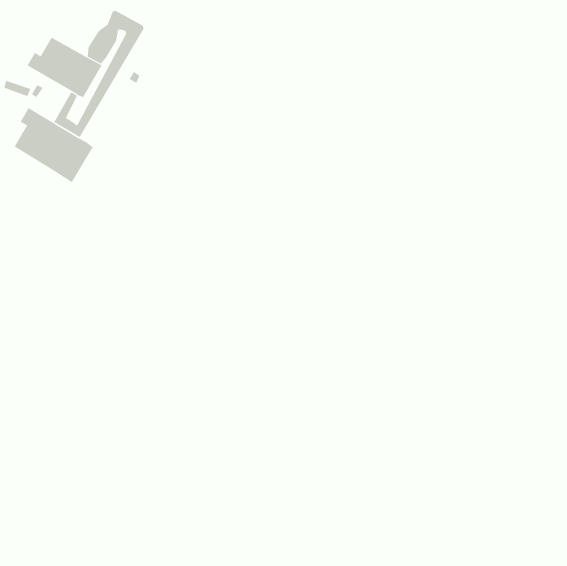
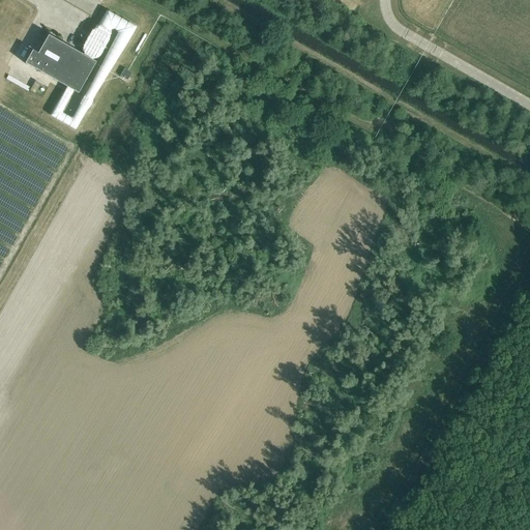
building: [14,107,93,183] -> none

